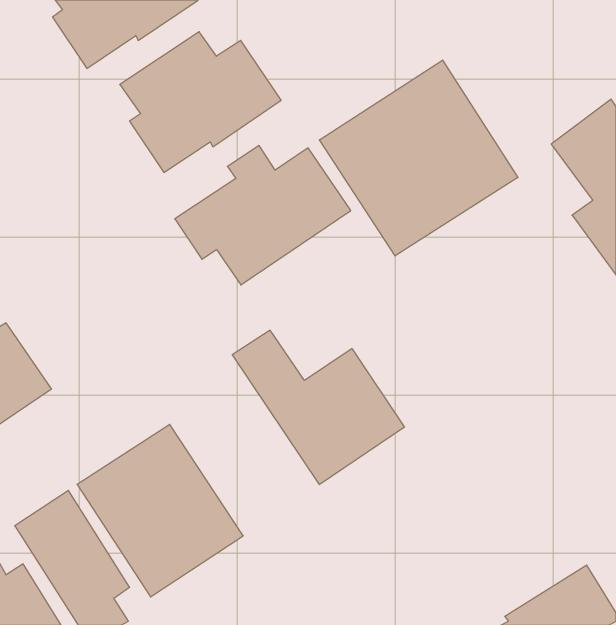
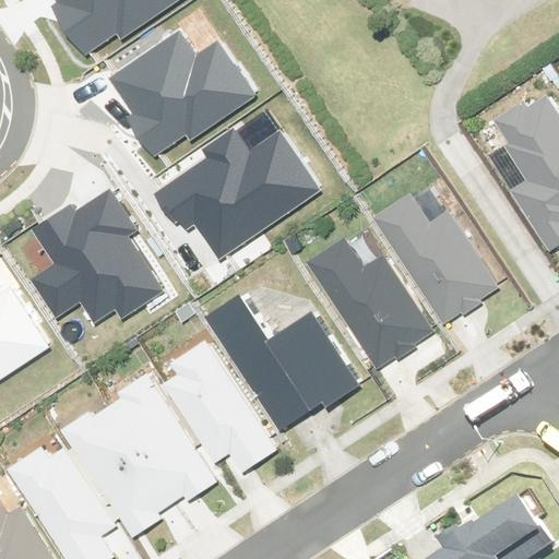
building: [319,60,518,256] -> none
building: none -> [29,191,159,329]
building: none -> [376,194,502,325]
building: none -> [309,238,430,365]
building: none -> [167,341,280,469]

